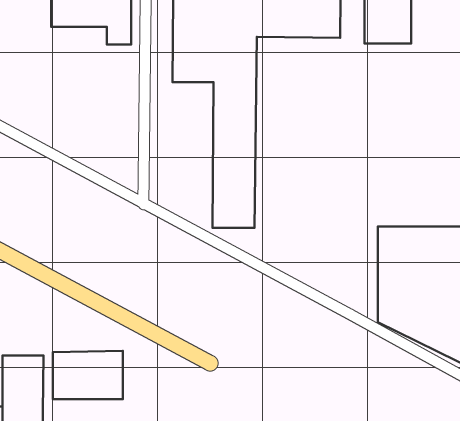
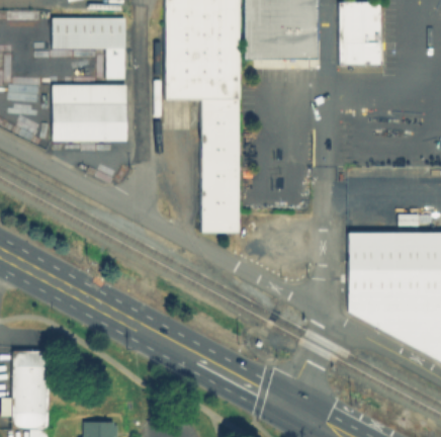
building: none -> [50,82,123,138]
building: [53,351,123,399] -> none

